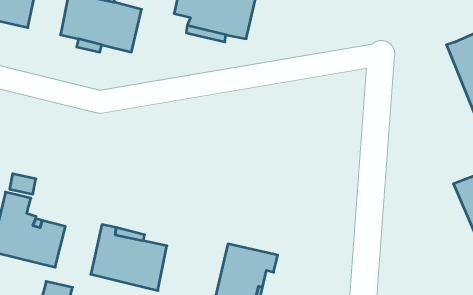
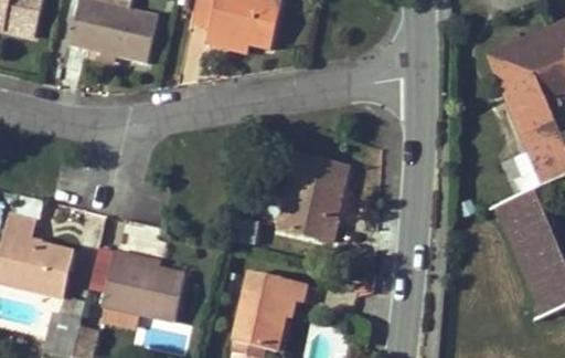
building: none -> [279,154,347,241]

